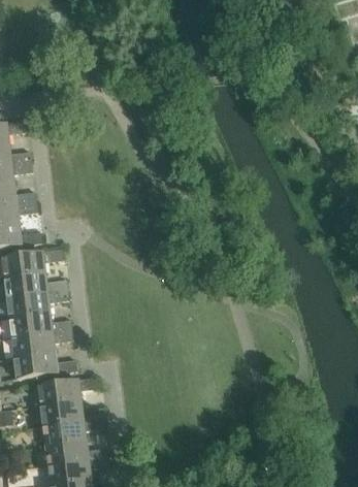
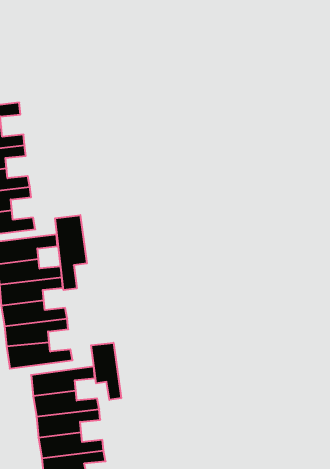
building: none -> [55,215,87,290]
building: none -> [91,343,121,400]

